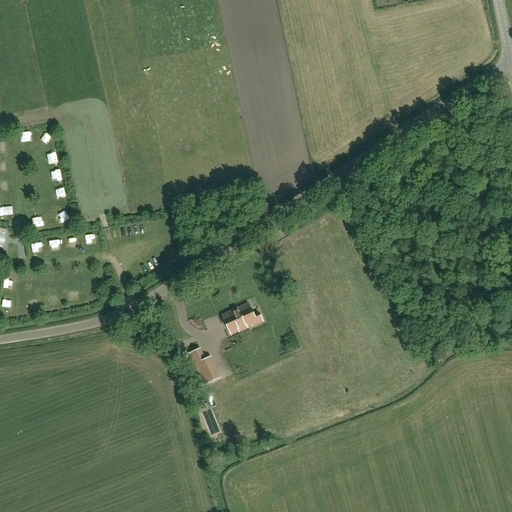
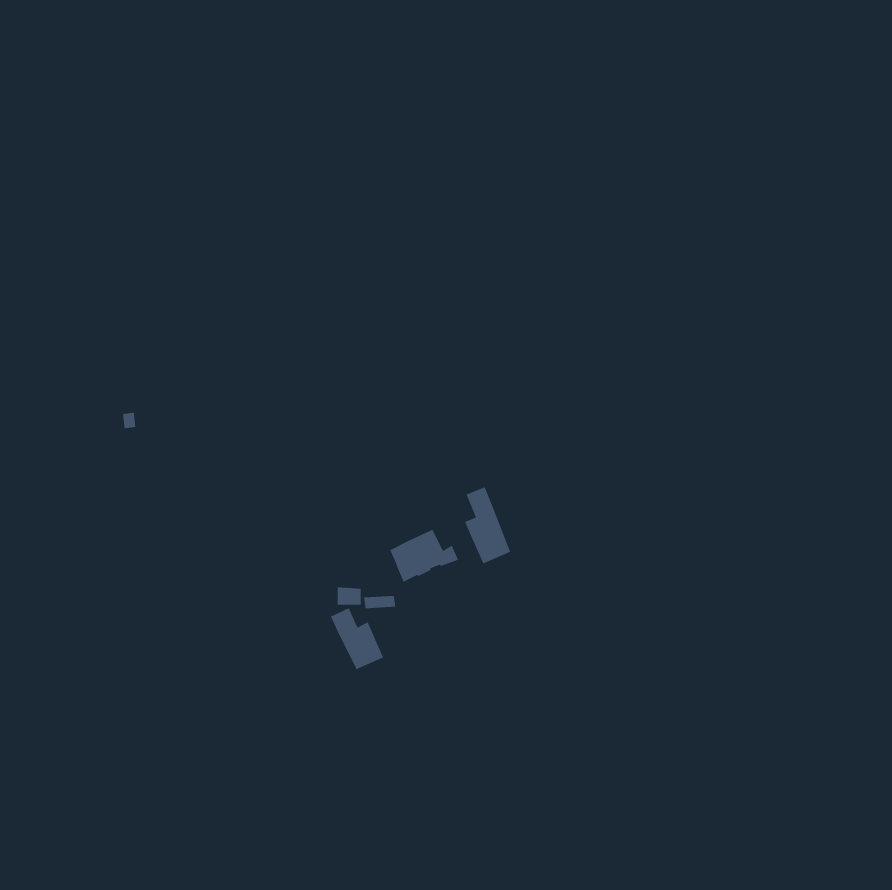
building: none -> [464,486,511,564]

